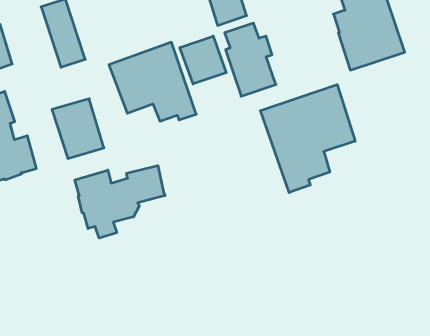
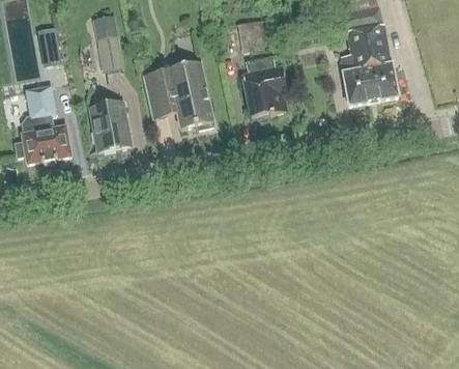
building: [180,36,226,84] -> none
building: [260,85,355,193] -> none
building: [75,166,165,238] -> none

